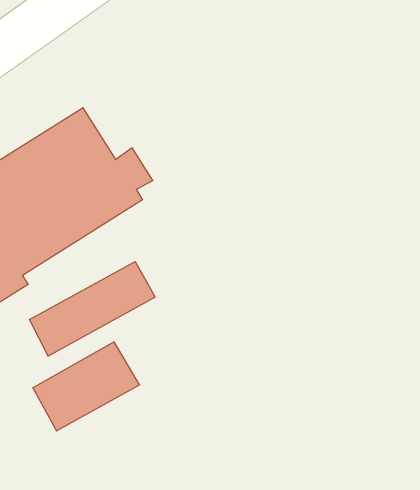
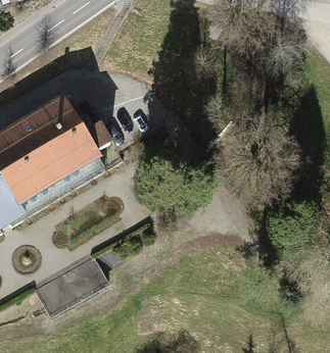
building: [29,262,155,356] -> none

